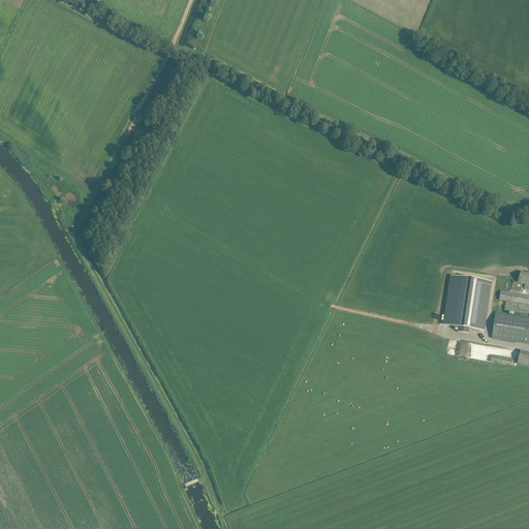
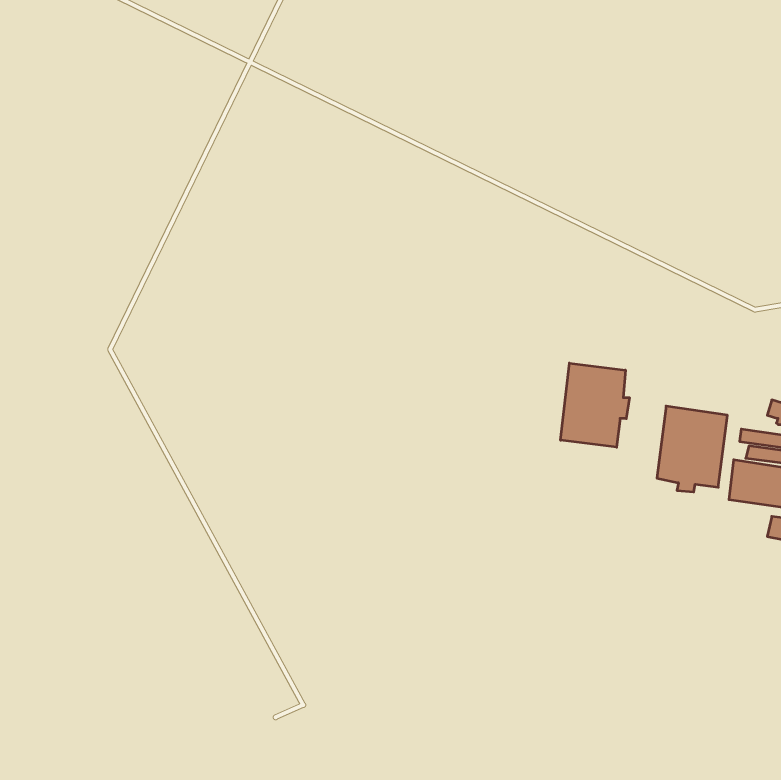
building: none -> [561,363,629,447]

